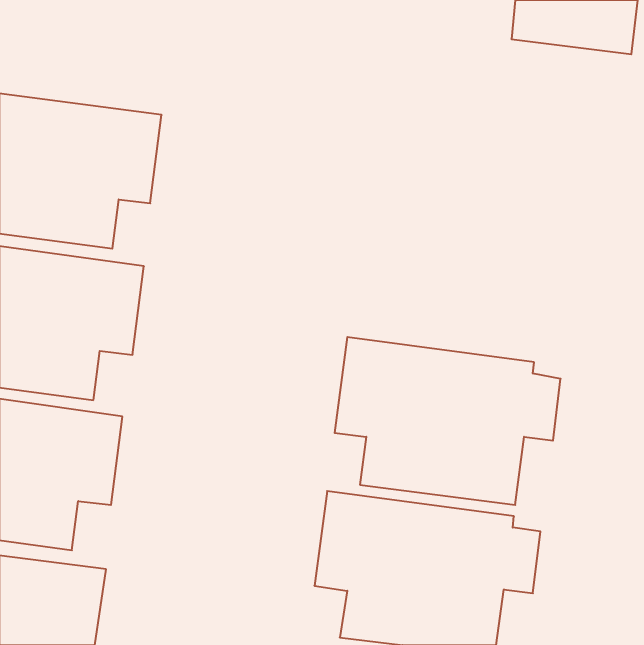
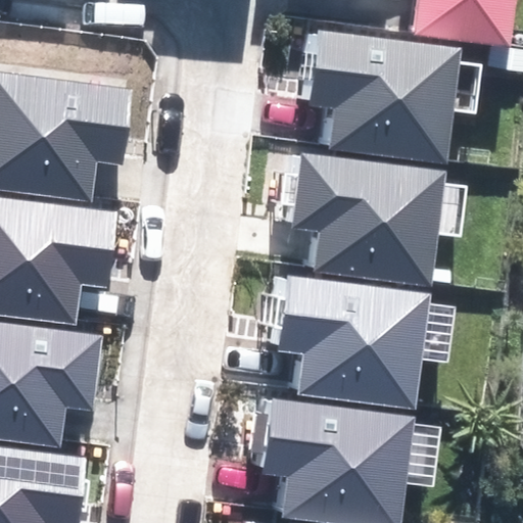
building: none -> [303,26,486,161]
building: none -> [281,152,465,287]

